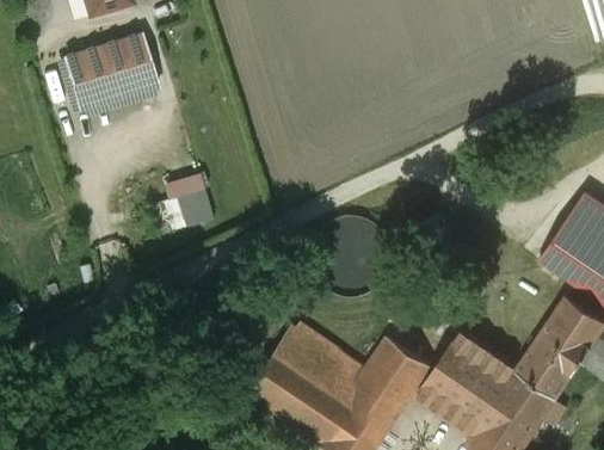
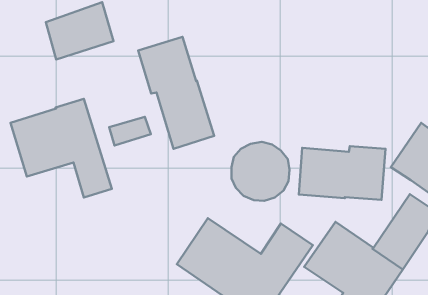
building: none -> [138,37,214,149]
building: none -> [10,99,112,197]
building: none -> [299,146,385,200]

